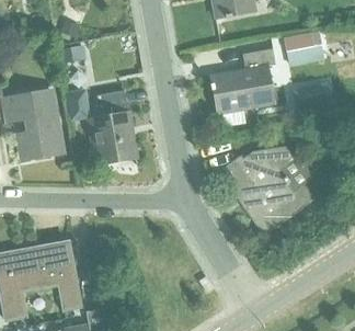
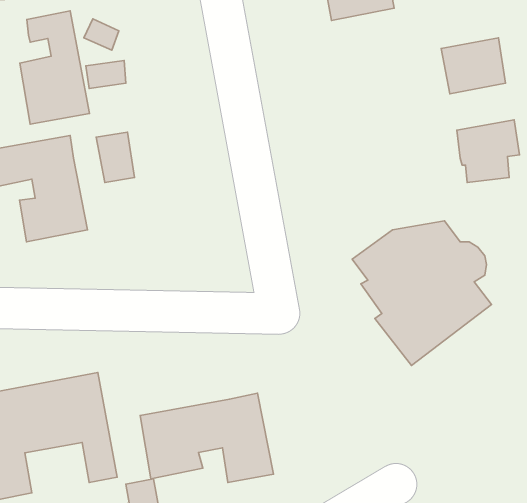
building: [210,49,274,115] -> none
building: [91,91,135,162] -> [20,11,89,124]
building: none -> [140,393,274,482]

